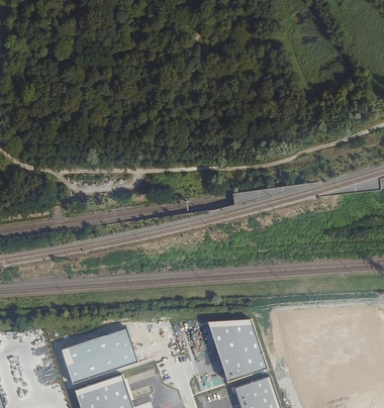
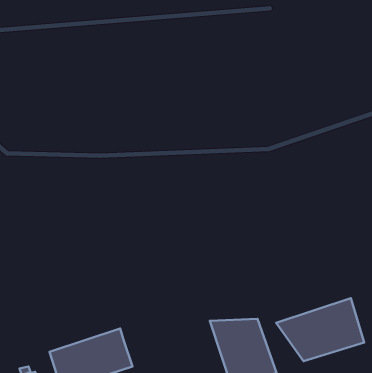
building: none -> [276,298,364,361]

